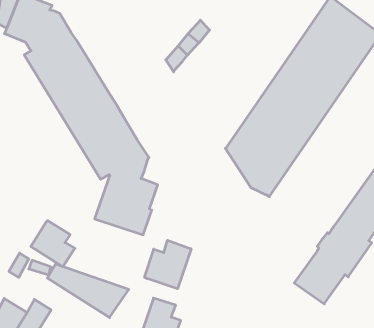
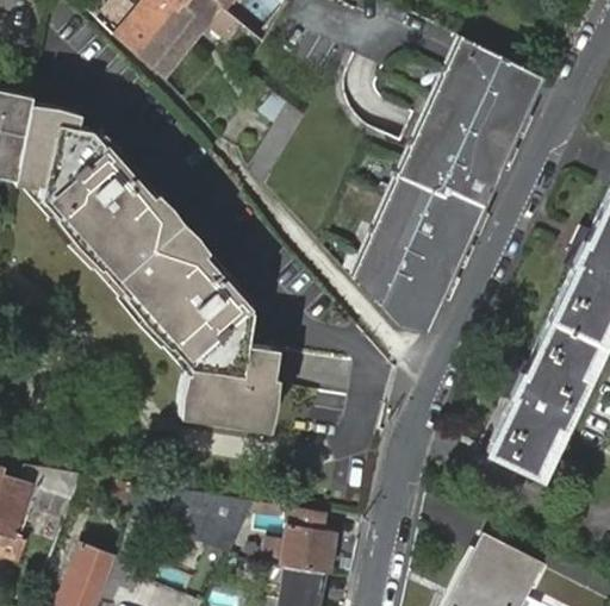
building: [31,221,75,267] -> none
building: [145,240,191,289] -> none

